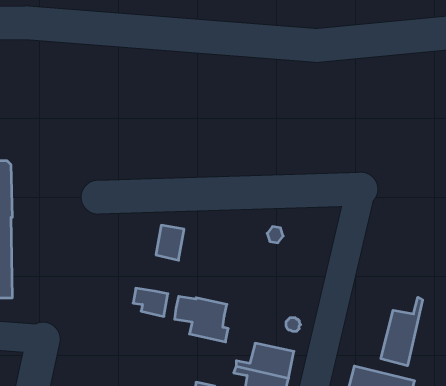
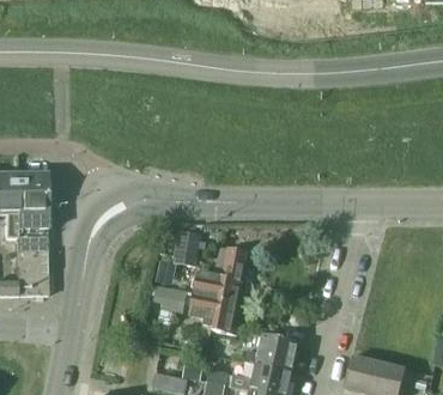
building: none -> [195,247,248,299]
building: [381,297,423,366] -> none

